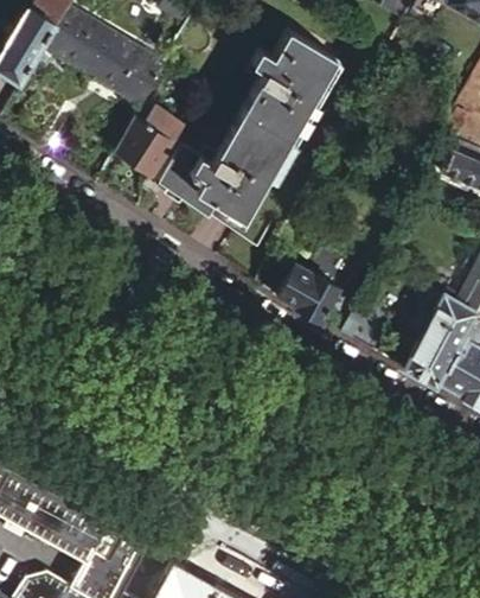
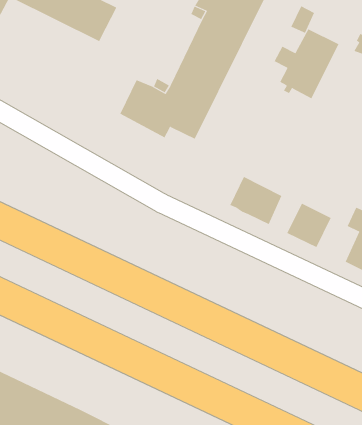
building: [116,101,183,177] -> none
building: none -> [274,28,339,99]

